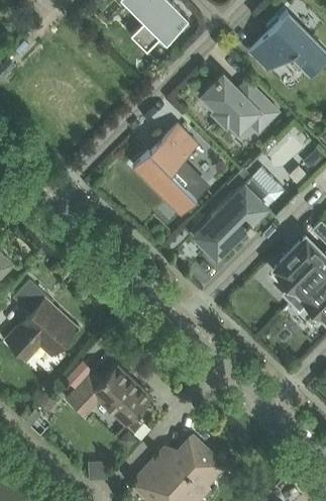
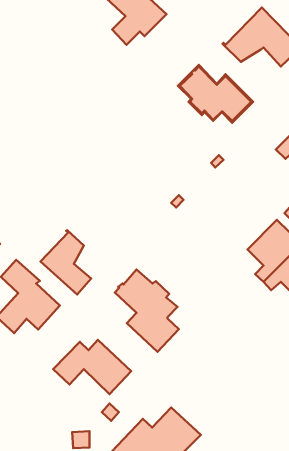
building: [133,124,204,213] -> none
building: [195,167,284,255] -> none
building: none -> [41,230,91,294]
building: none -> [115,270,179,352]

